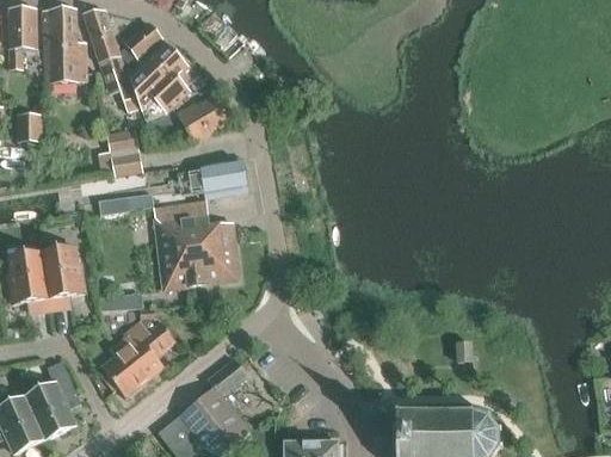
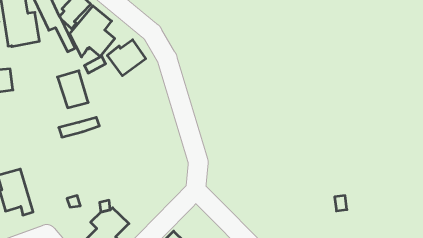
building: [180,156,246,198] -> none
building: [154,210,236,289] -> none
building: [39,245,84,309] -> none

